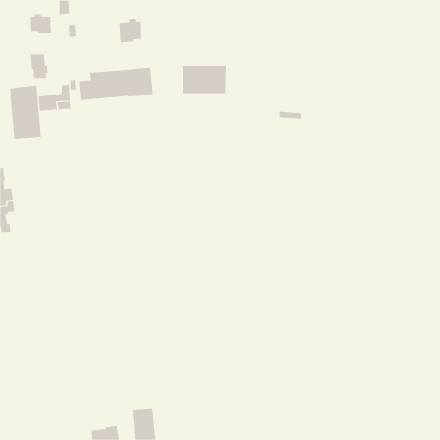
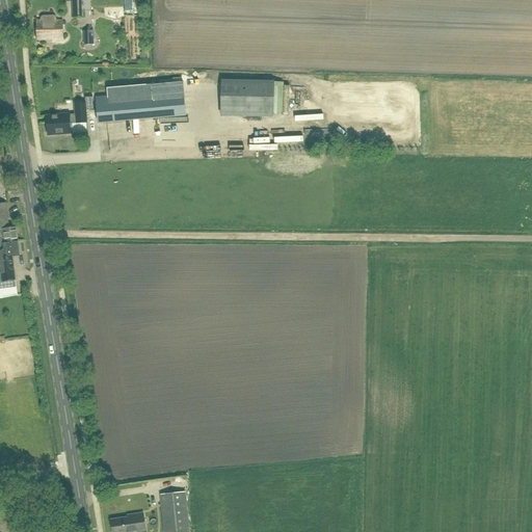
building: [119,18,141,43] -> none
building: [30,53,48,79] -> none
building: [10,85,41,140] -> none

